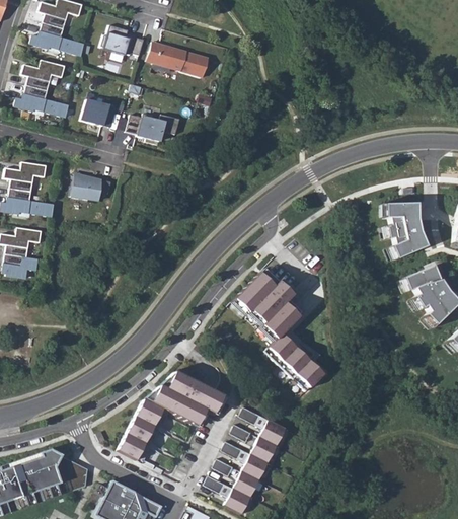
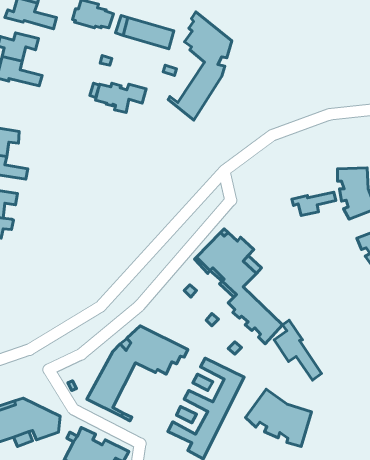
building: none -> [168,12,232,120]
building: [81,99,118,127] -> none
building: [70,174,102,200] -> none
building: none -> [292,192,336,216]
building: none -> [274,320,322,380]
building: none -> [245,389,312,446]

